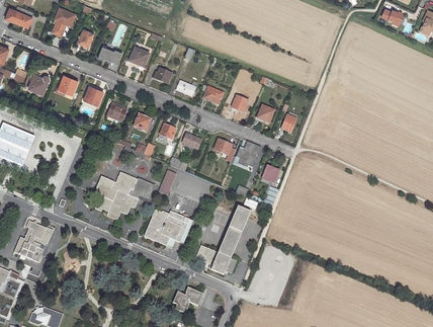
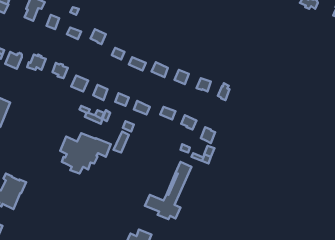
building: [144,210,193,248] -> none

